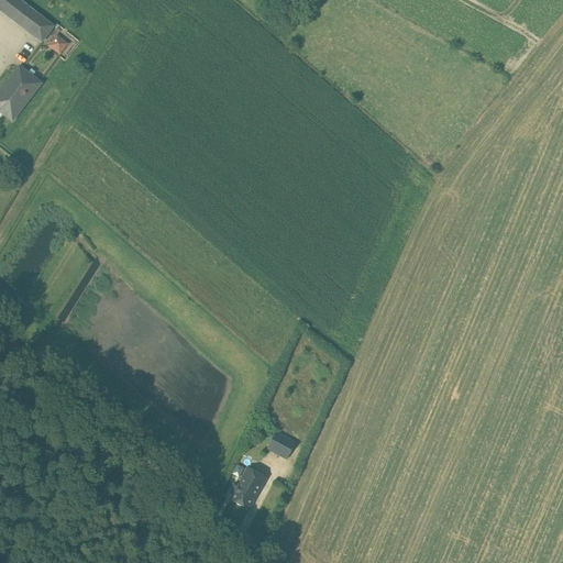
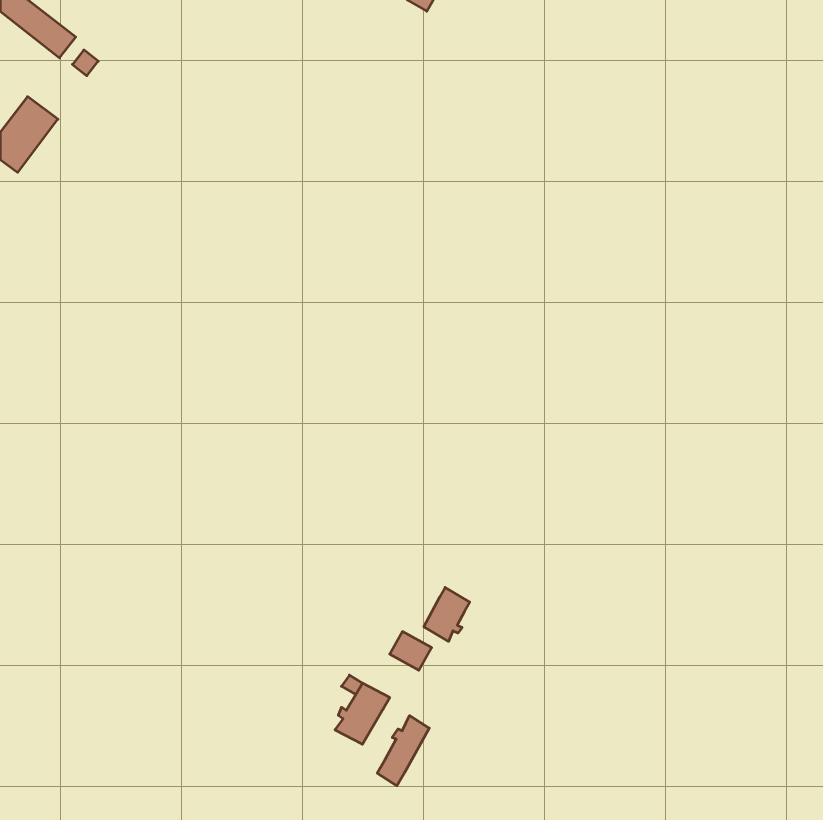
building: none -> [424,587,470,641]
building: none -> [377,716,429,786]

